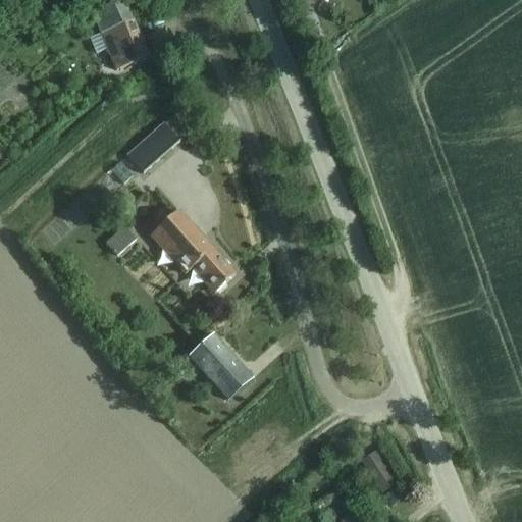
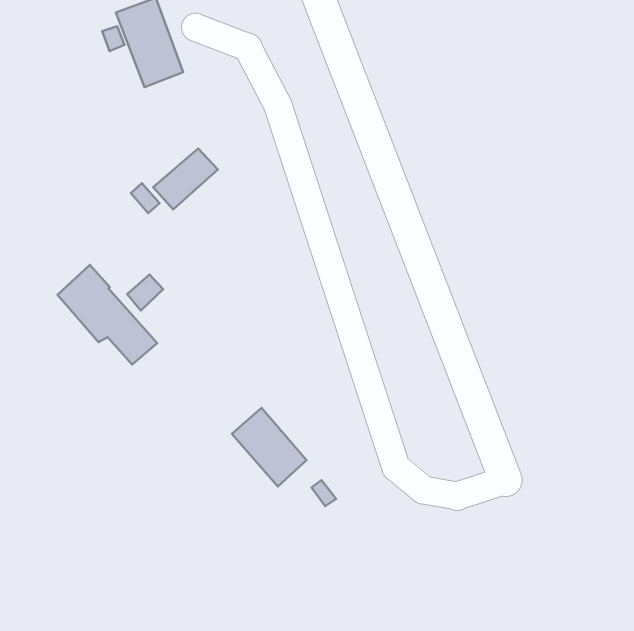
building: [152,208,233,290] -> [58,265,157,365]
building: [360,450,395,490] -> none

